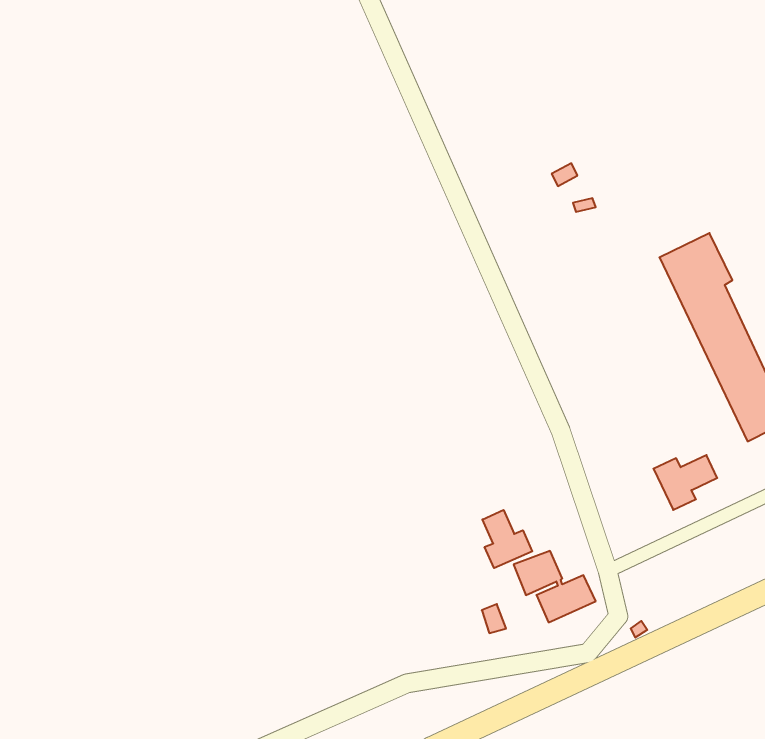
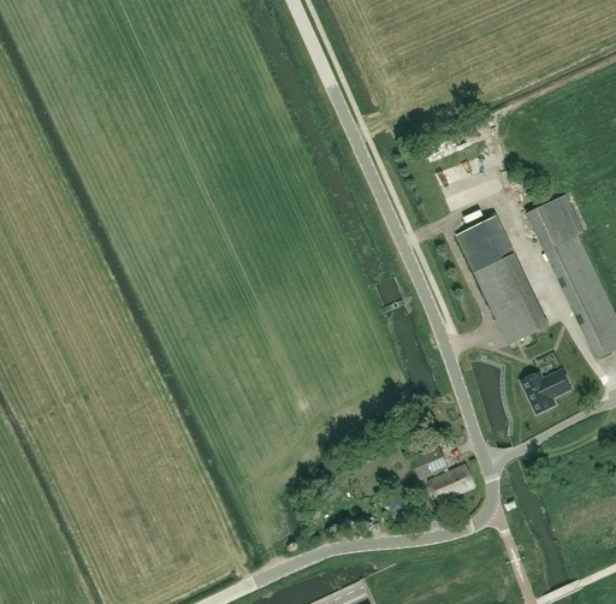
building: none -> [456,215,549,344]
building: [482,510,532,568] -> none

